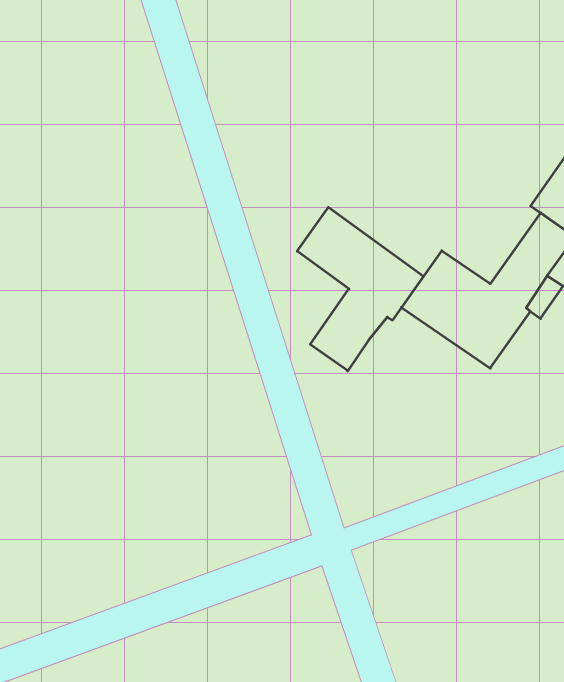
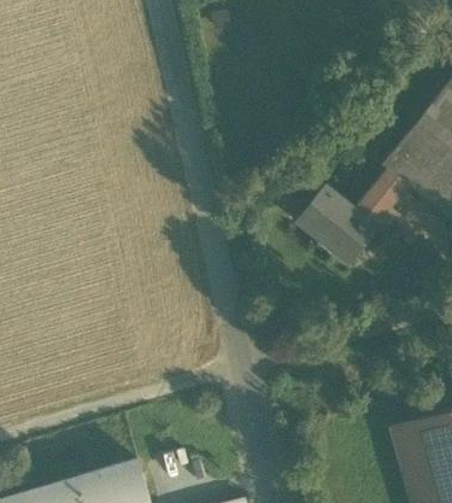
building: [297,207,424,371] -> none

